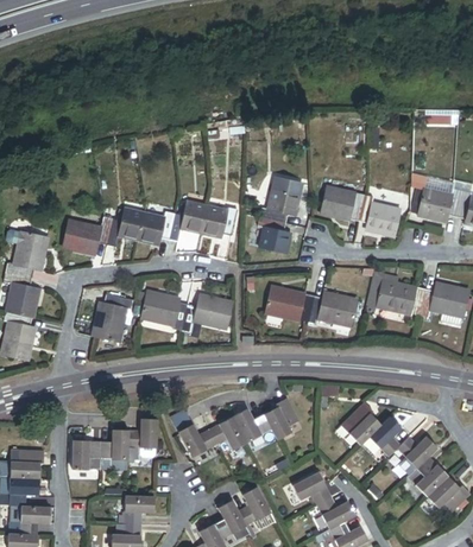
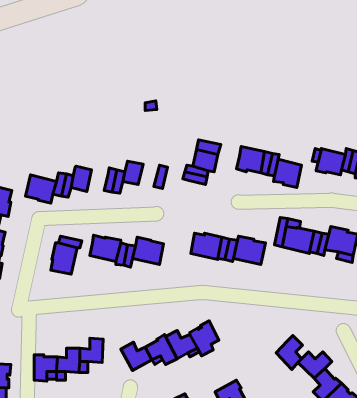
building: [200,206,225,236] -> none
building: [137,214,163,244] -> none
building: [257,227,289,253] -> none
building: [345,401,381,445] -> none

